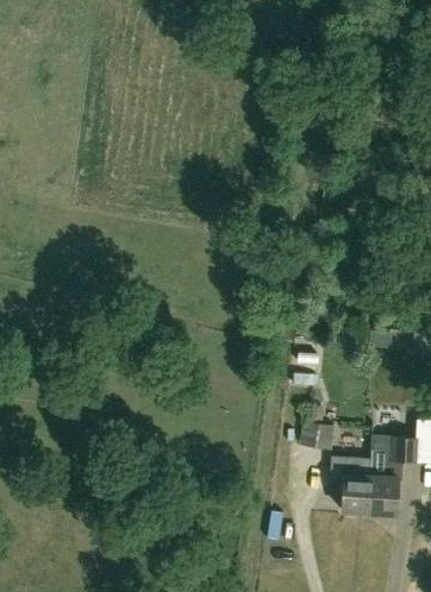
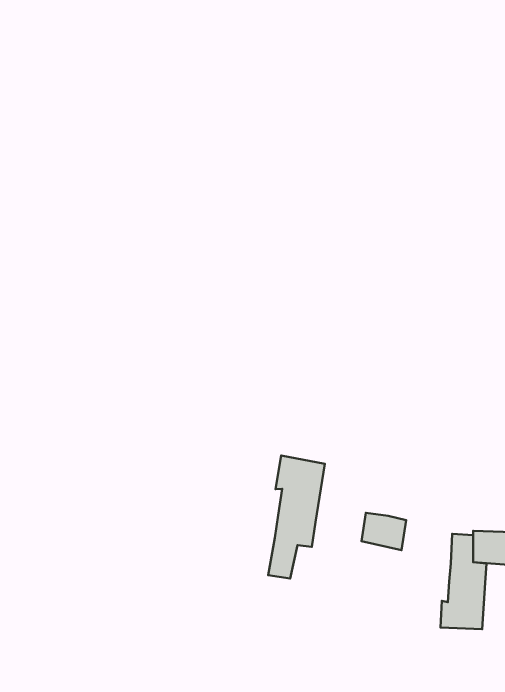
building: none -> [268,455,325,579]
building: [333,459,371,512] -> none

